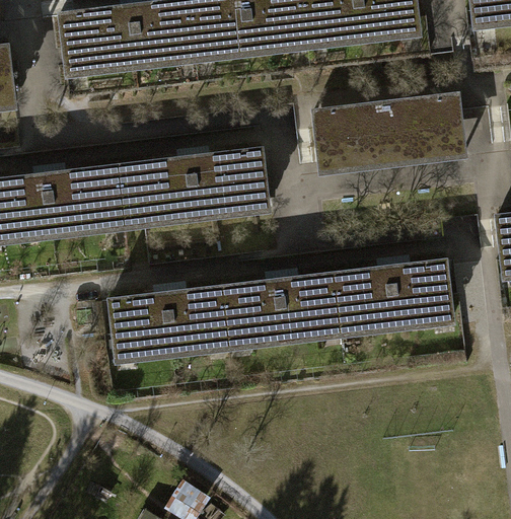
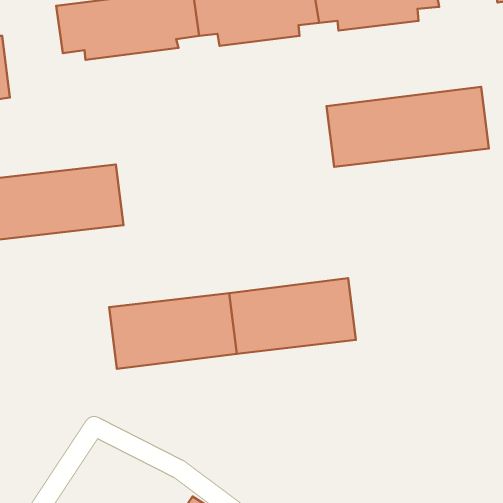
building: [116,150,269,225] -> none
building: [334,262,452,332] -> none

